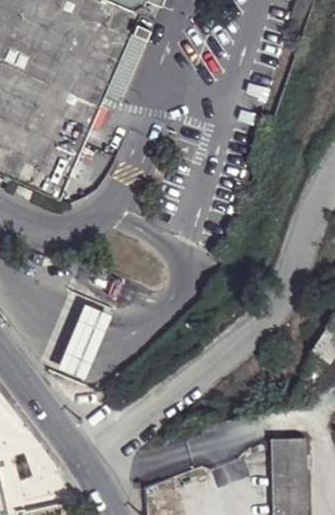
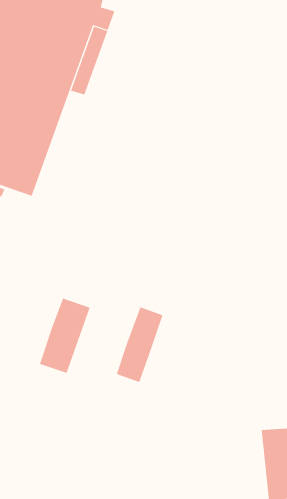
building: none -> [116,306,163,383]

